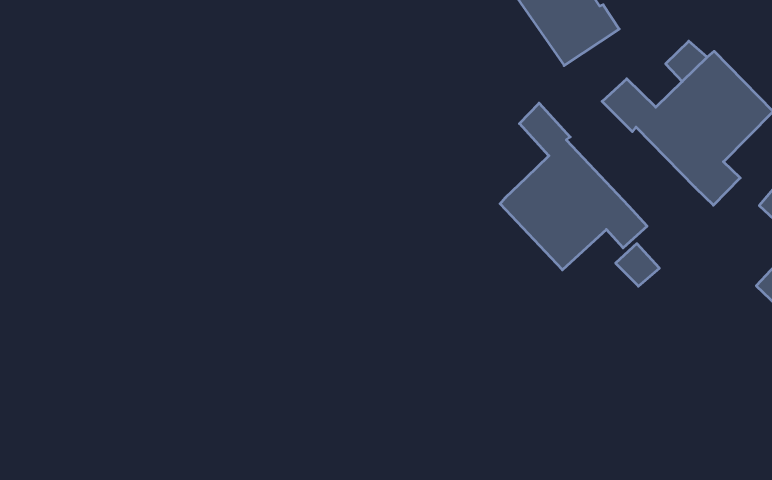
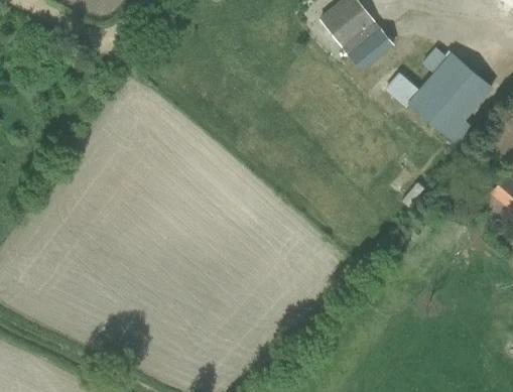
building: [500,103,647,270] -> none

